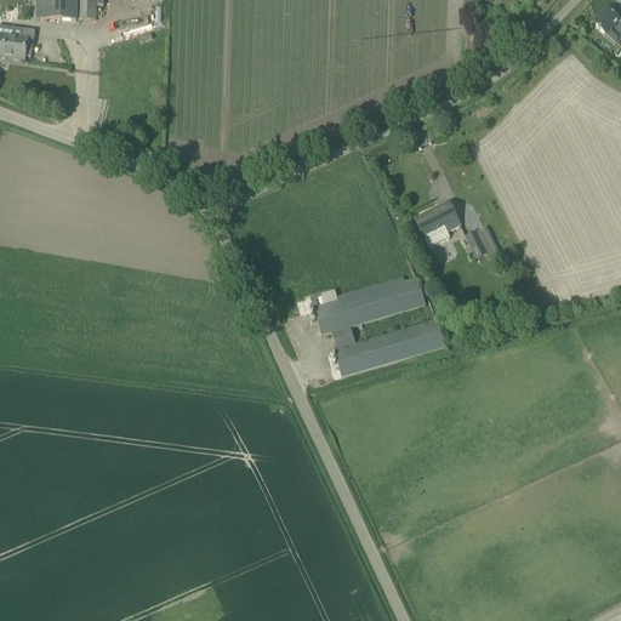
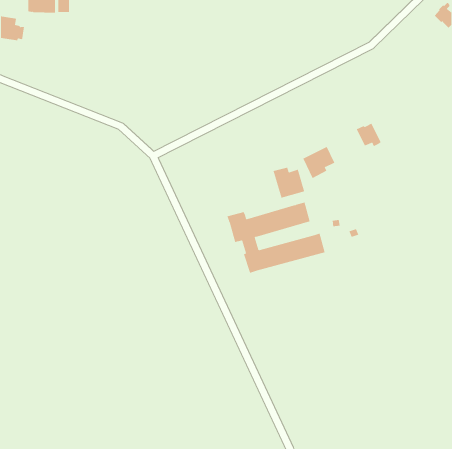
building: [465,224,500,257] -> [356,123,382,147]
building: none -> [273,167,305,199]

